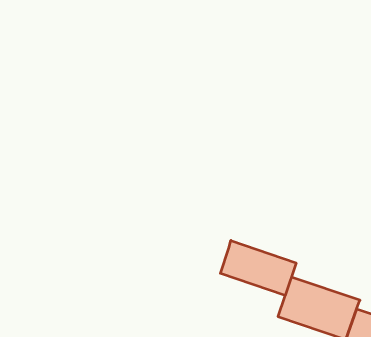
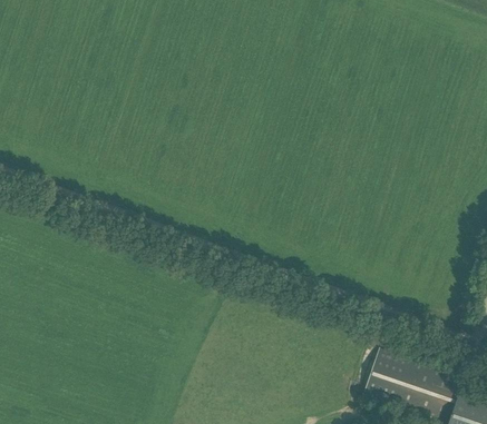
building: [220,240,296,295] -> none

